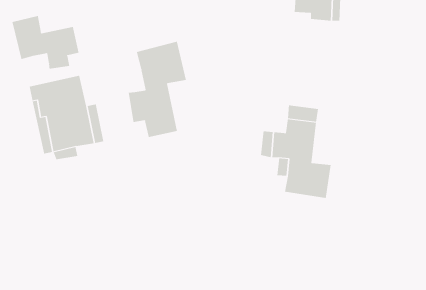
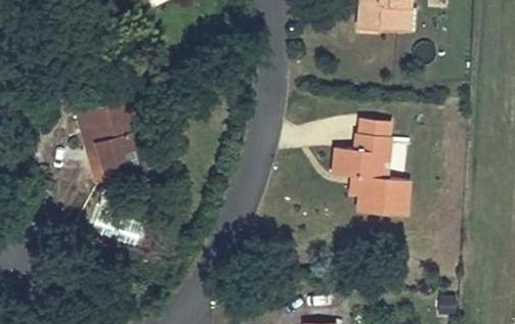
building: [12,15,79,70] -> none
building: [128,41,186,138] -> none

